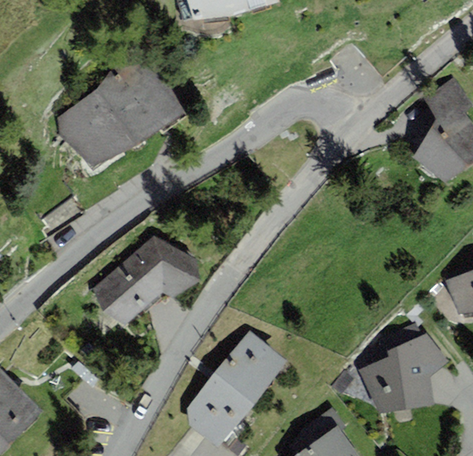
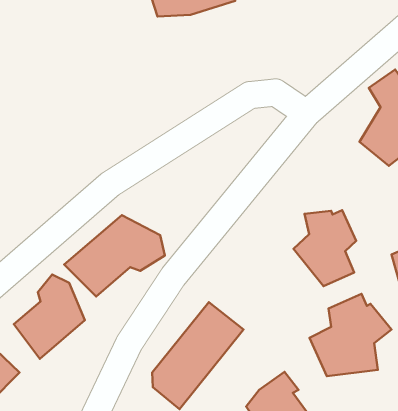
building: [56,46,183,172] -> none
building: none -> [294,210,356,286]
building: none -> [14,274,85,359]

